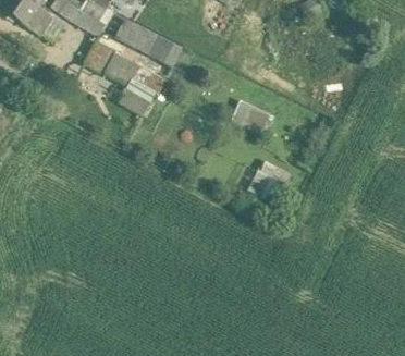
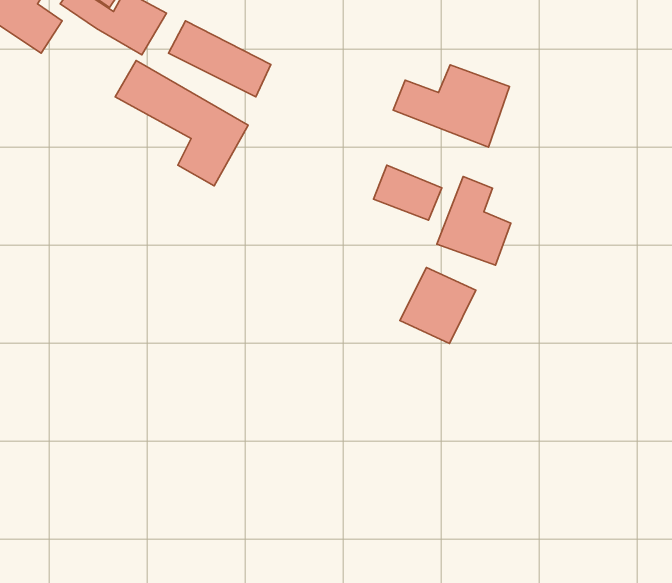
building: none -> [393,65,509,147]
building: none -> [437,177,511,265]

